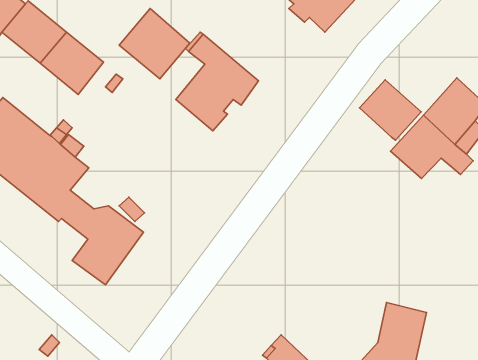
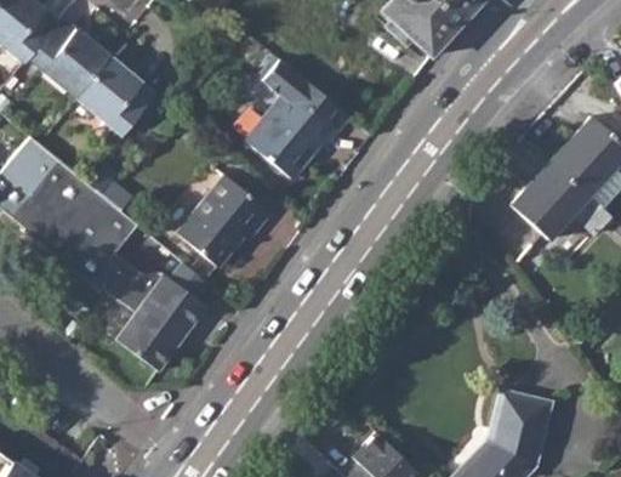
building: [119,9,190,79] -> none
building: [359,80,421,140] -> none
building: none -> [175,174,269,266]

